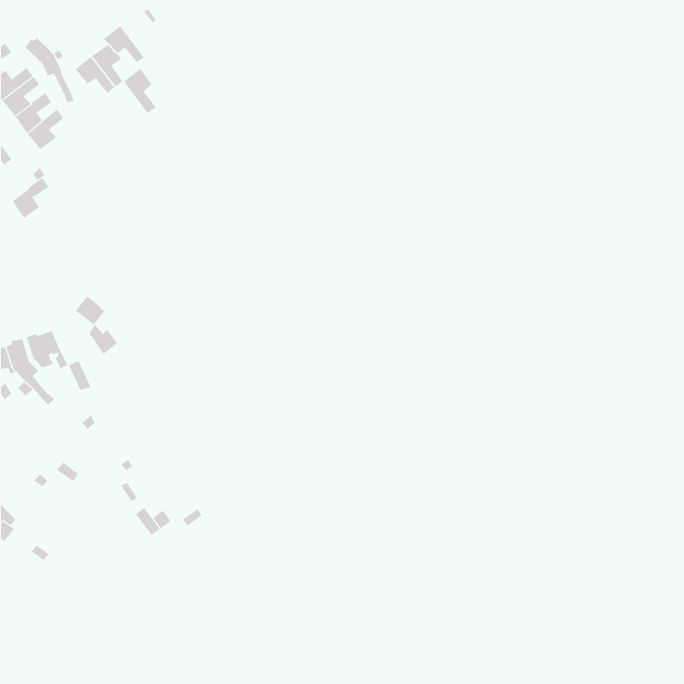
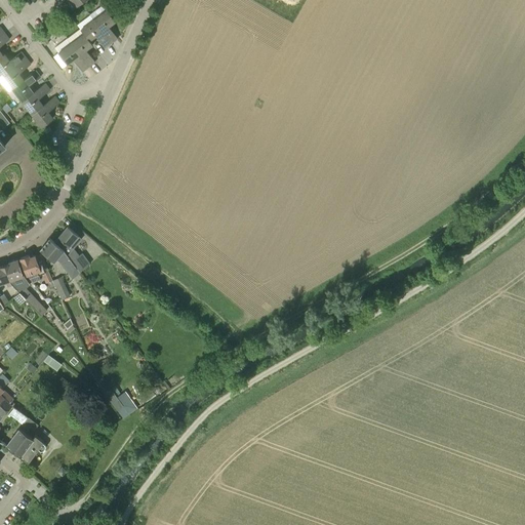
building: [25,37,74,103] -> none
building: [123,68,157,114] -> [92,9,118,44]
building: [12,177,49,219] -> [31,96,59,128]
building: none -> [40,238,75,272]
building: none -> [5,428,45,462]

